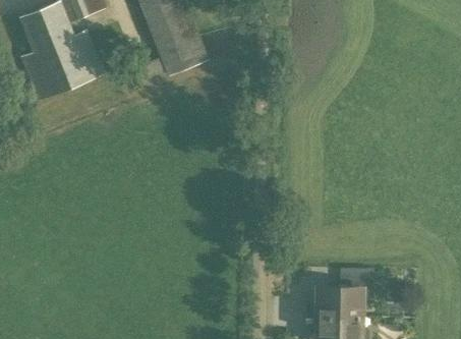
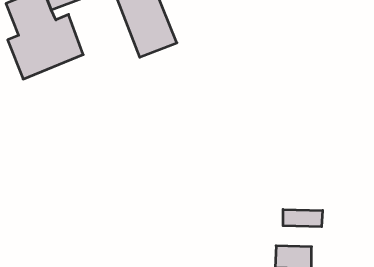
building: none -> [283,209,323,227]

